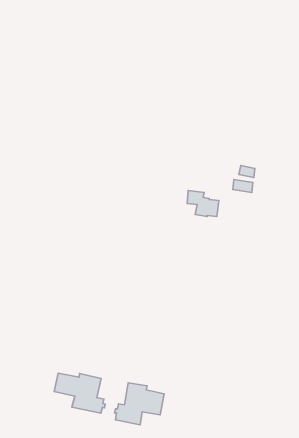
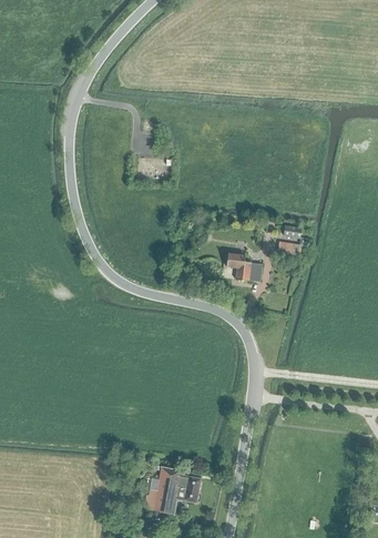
building: [54,373,105,413] -> none

